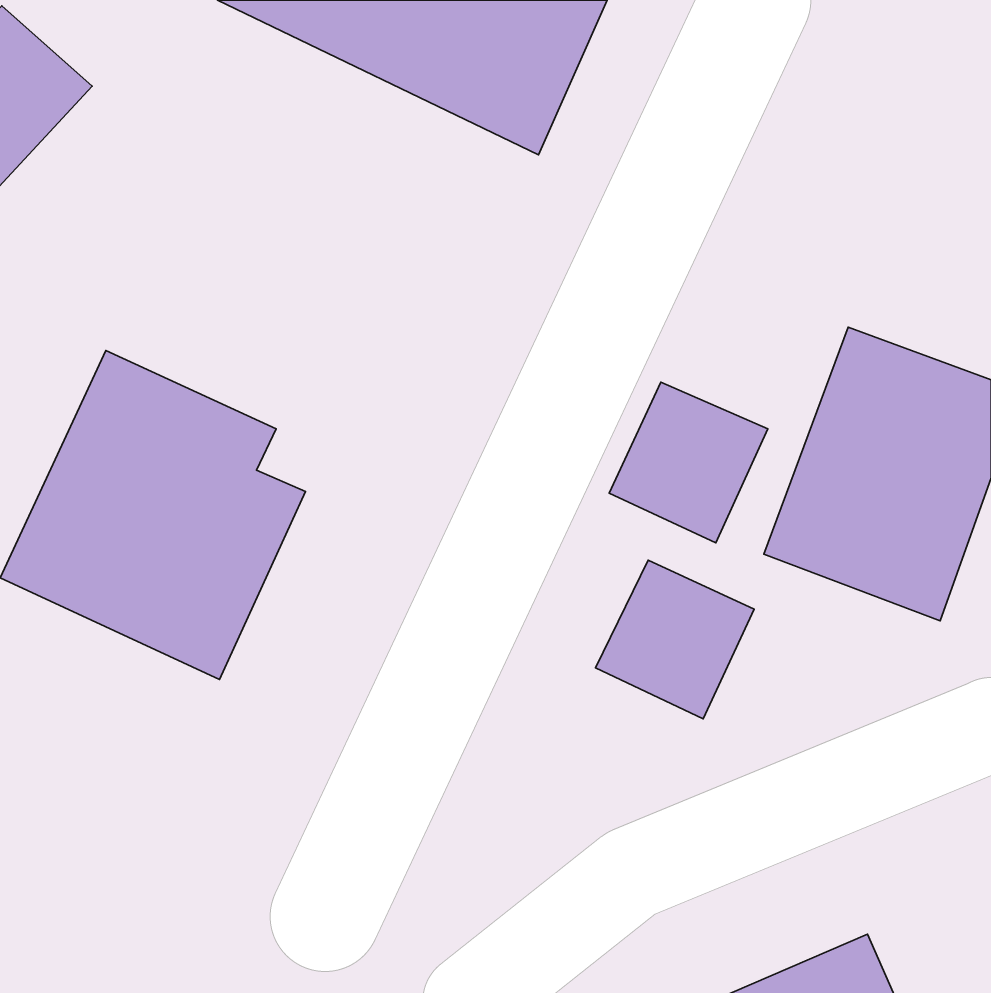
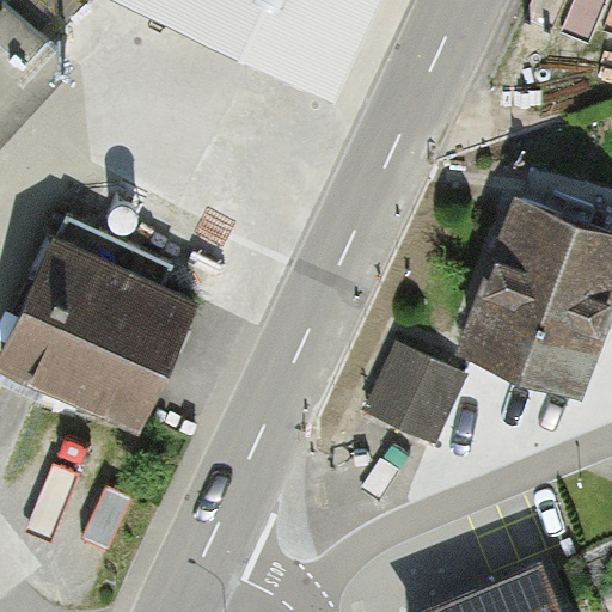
building: [609,382,768,543] -> none

